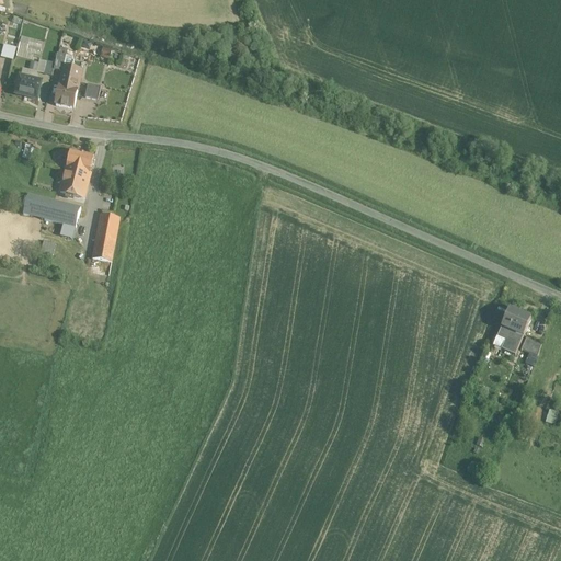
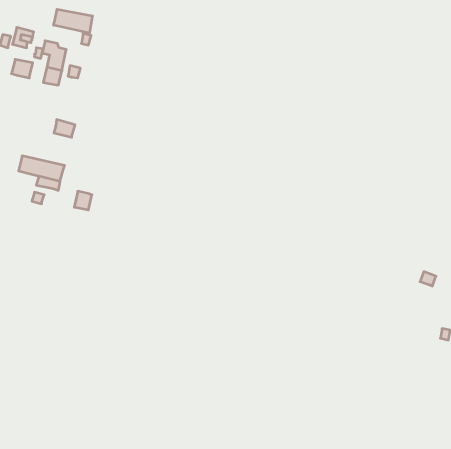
building: none -> [54,9,93,33]
building: [60,164,89,194] -> none
building: [96,211,119,241] -> none
building: [495,308,530,353] -> none

